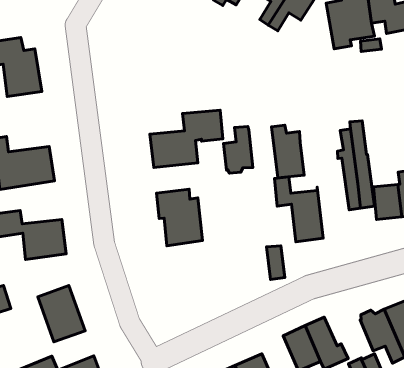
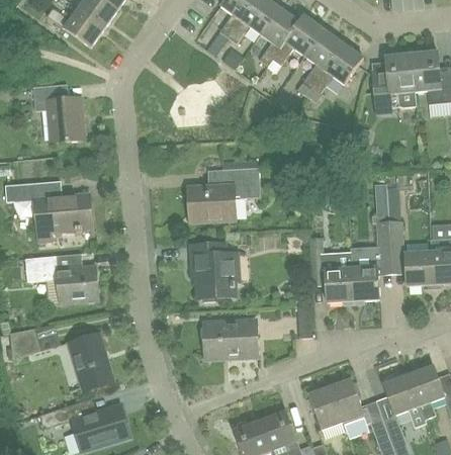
building: [272,125,304,178] -> [350,249,379,300]
building: [223,127,253,173] -> none
building: none -> [203,320,256,359]

